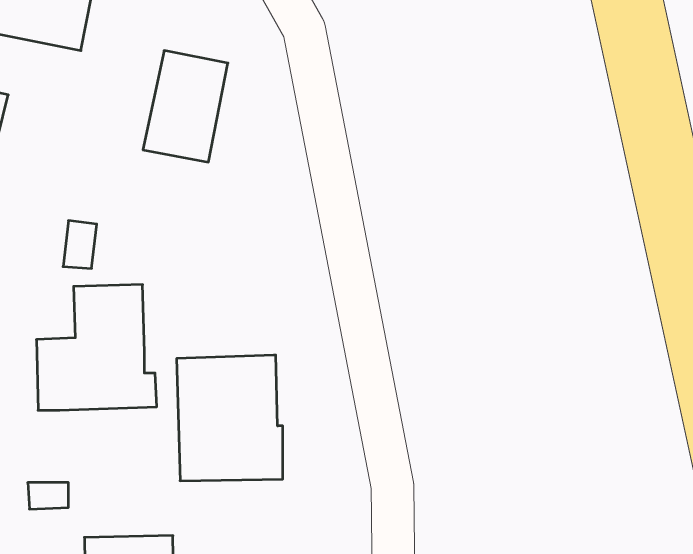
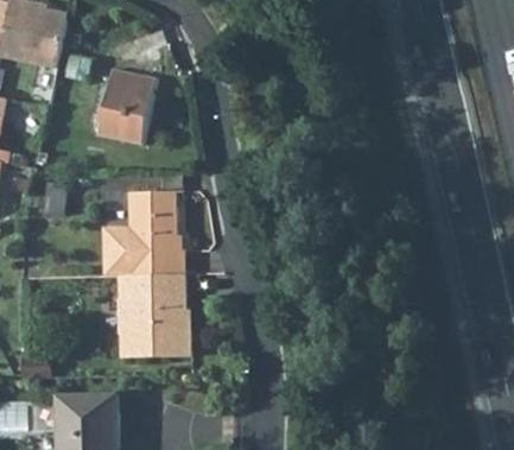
building: [36,285,157,410] -> [103,191,184,275]

